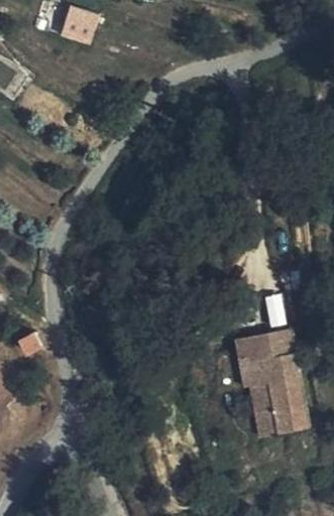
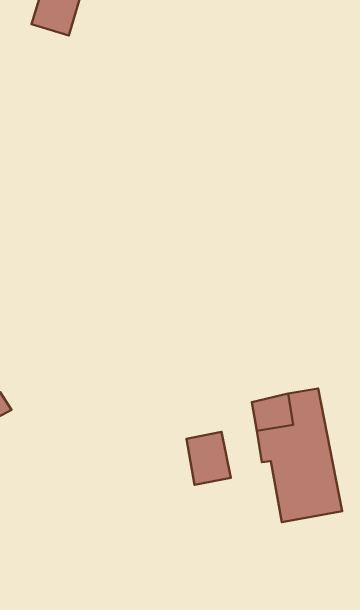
building: none -> [186,432,231,485]

